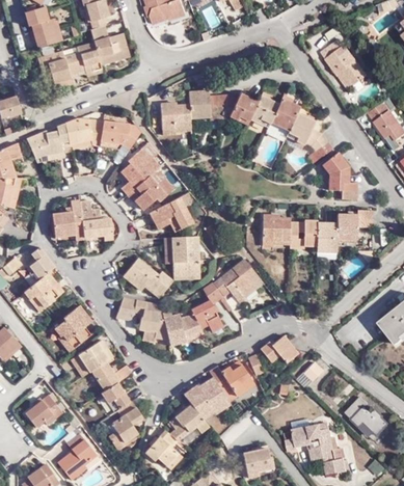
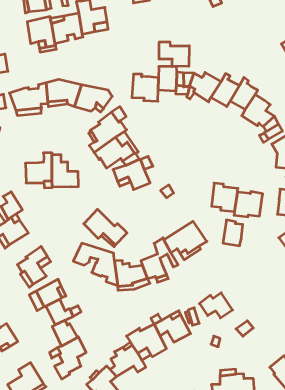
building: none -> [159,42,189,67]
building: [317,222,336,249] -> [223,220,243,246]
building: [169,236,198,276] -> none

